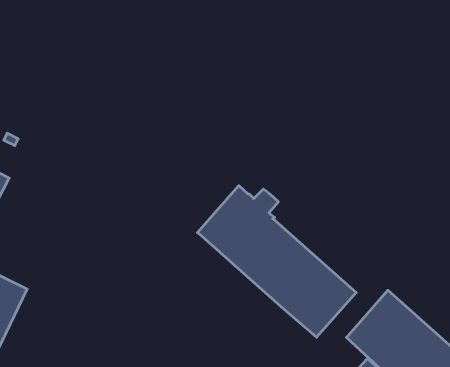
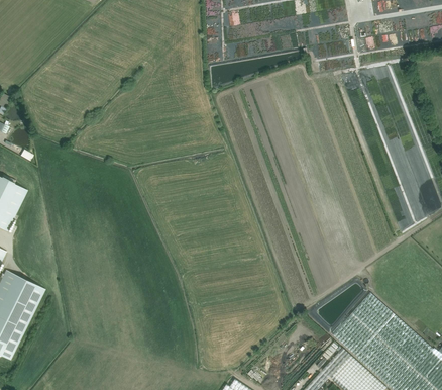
building: [197,186,356,337] -> none

